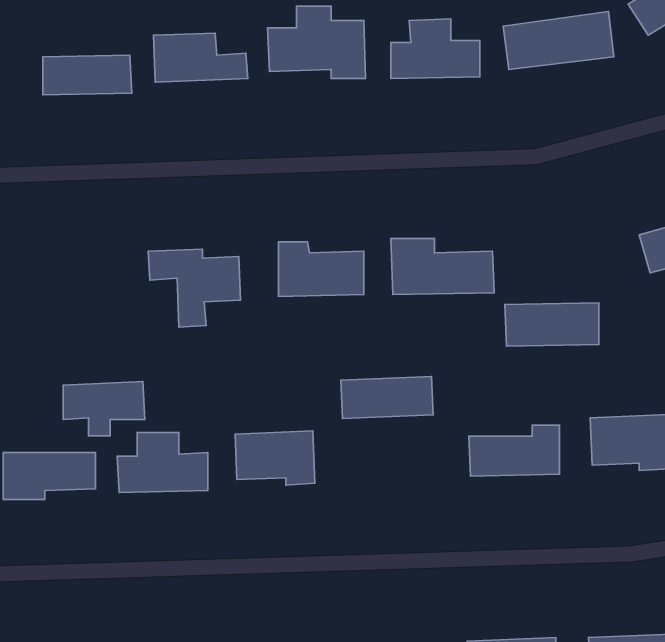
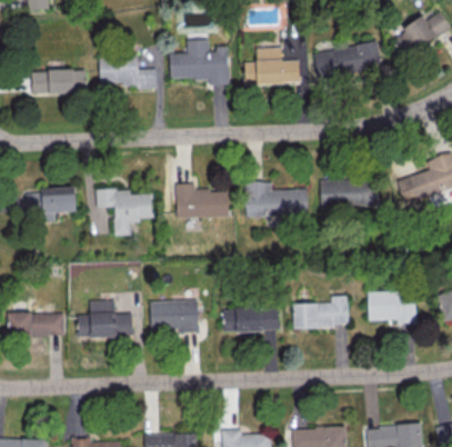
building: [505,303,599,346] -> [320,179,378,206]
building: [341,377,433,418] -> [222,306,279,331]
building: [63,382,145,436] -> [26,188,76,221]

